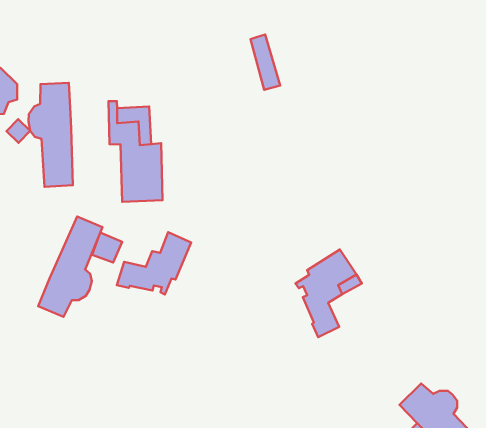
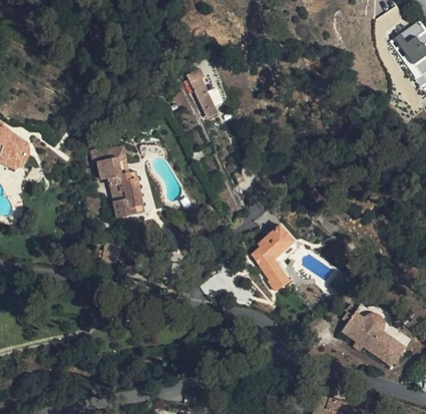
building: [28,83,73,187] -> none
building: [38,216,103,317] -> none
building: [117,232,191,294] -> none

